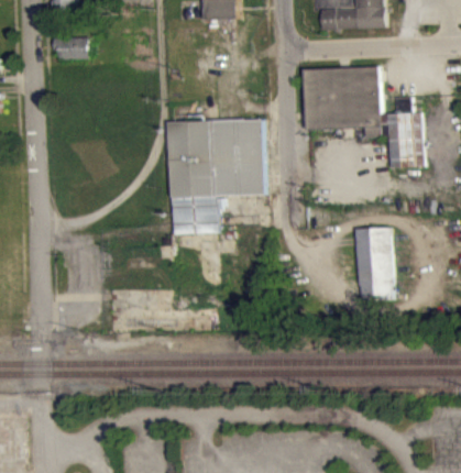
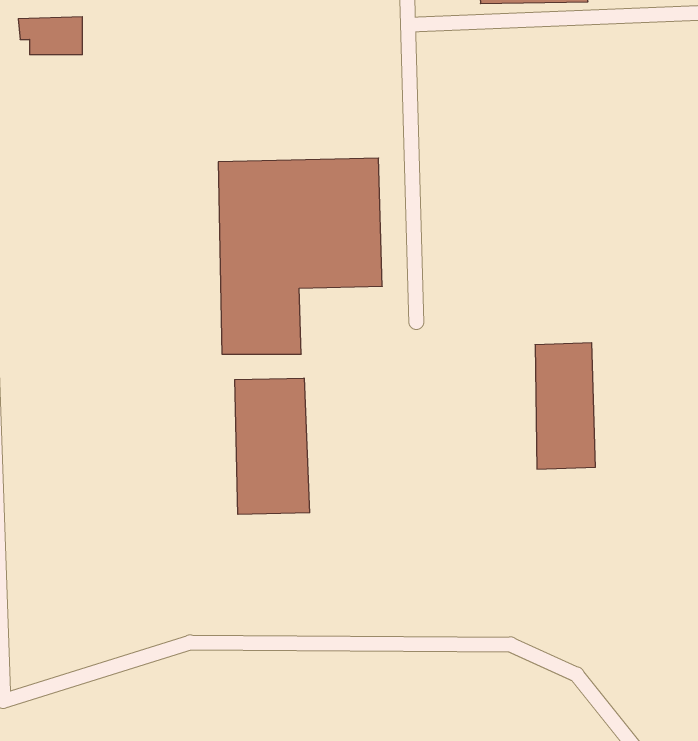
building: [303,66,421,167] -> none
building: none -> [235,378,310,514]

